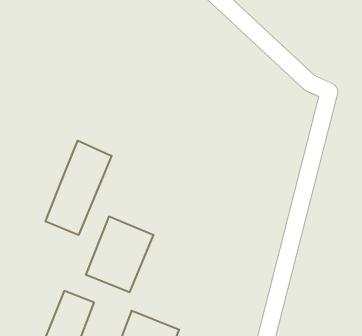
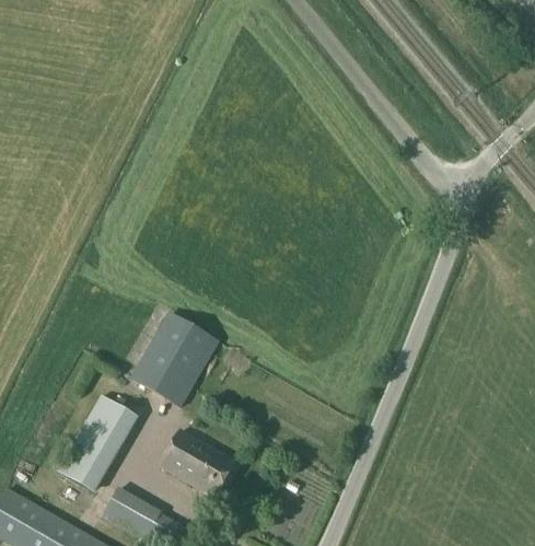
building: [46,141,112,235] -> none

